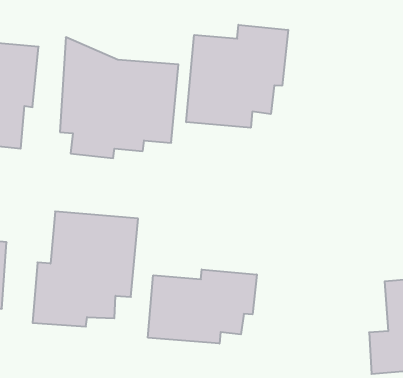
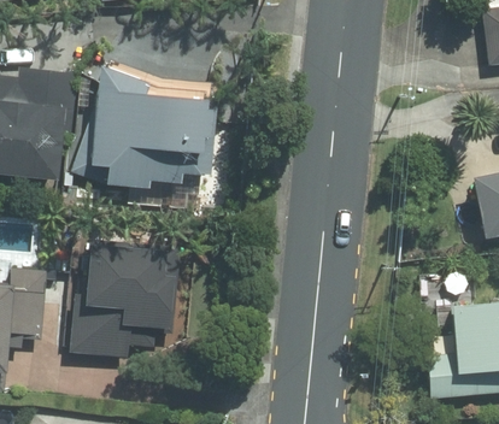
building: [186,25,288,128] -> none
building: [148,269,257,344] -> none

